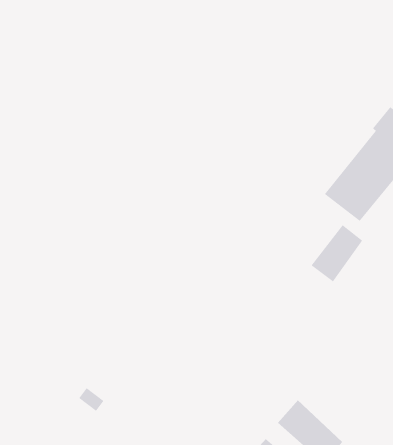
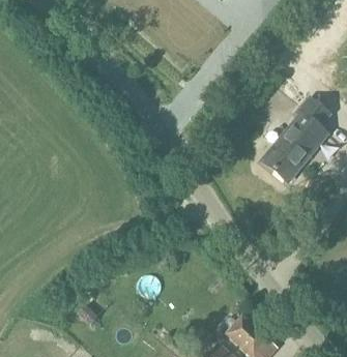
building: [311,224,363,283] -> none

